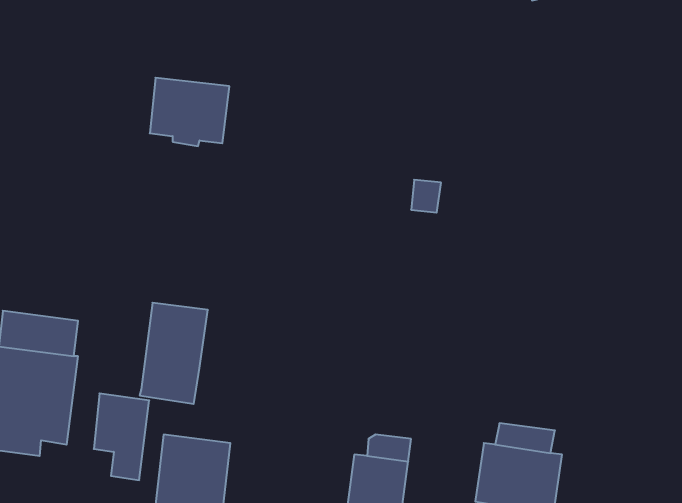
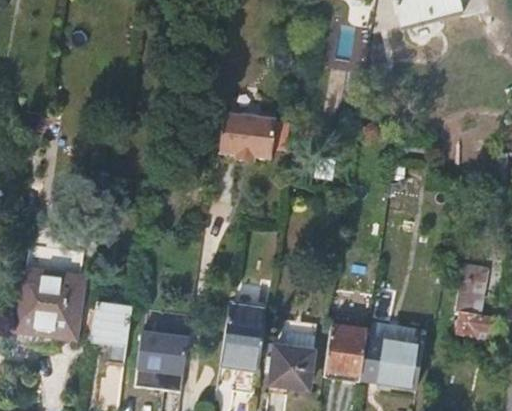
building: [150,78,229,146] -> [221,113,277,161]
building: [140,303,208,404] -> [221,300,269,371]
building: none -> [456,262,490,334]
building: none -> [324,325,366,373]

